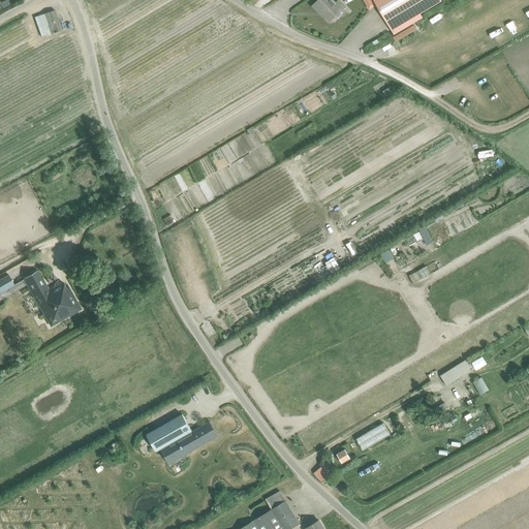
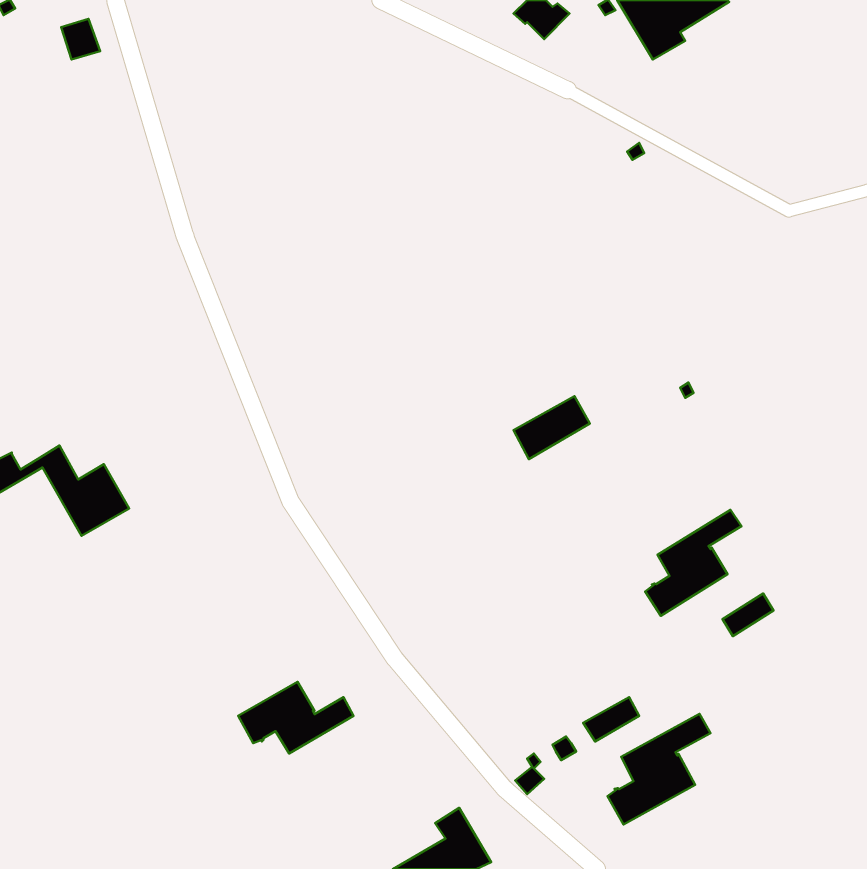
building: none -> [645,510,741,616]
building: none -> [607,714,711,825]

